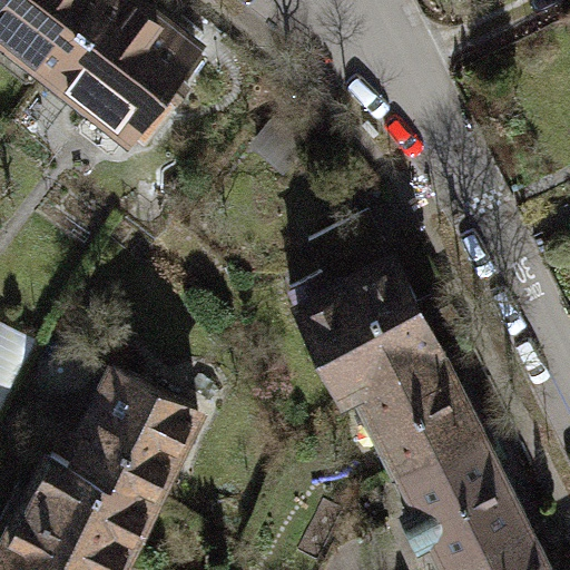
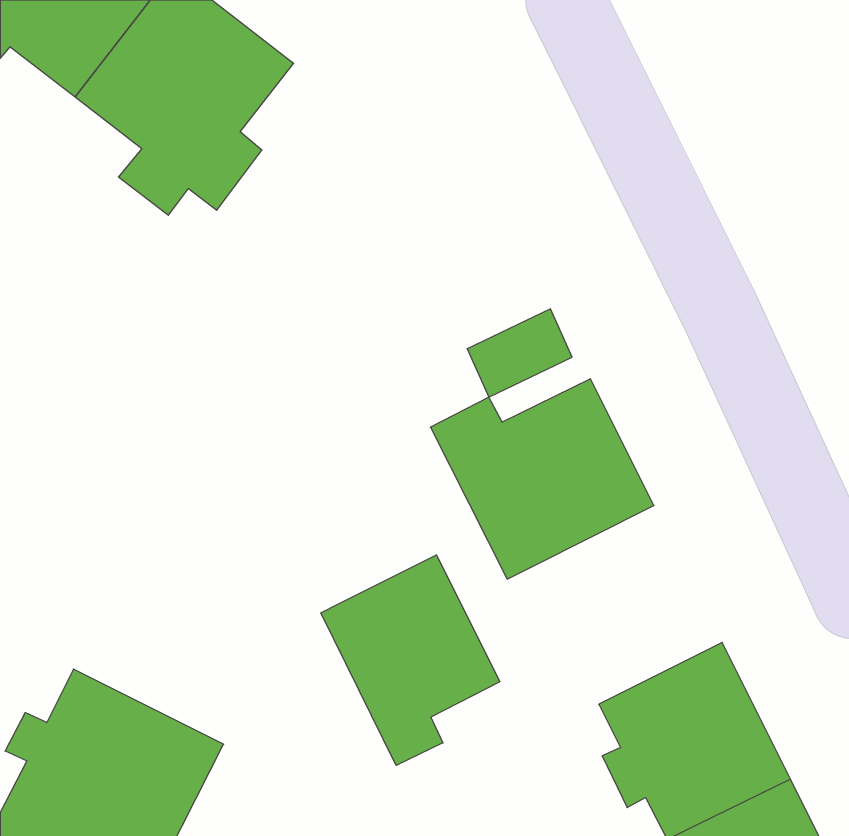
building: [356,348,484,481] -> none
building: [51,375,198,508] -> none
building: none -> [321,555,500,765]

